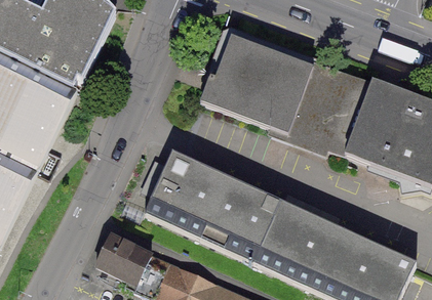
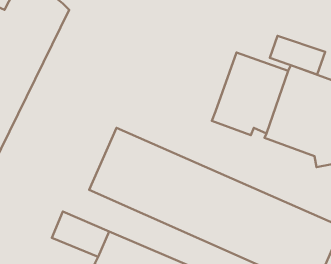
building: [194,29,307,127] -> none
building: none -> [270,36,325,75]

